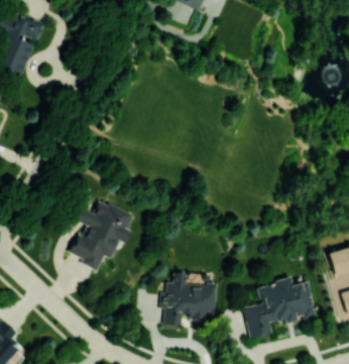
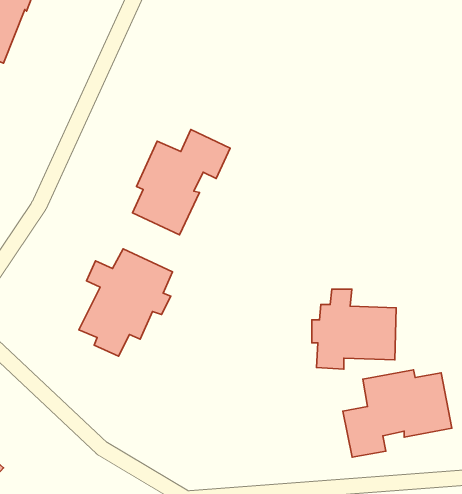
building: none -> [133,130,230,235]
building: [161,272,217,325] -> [312,289,396,369]

